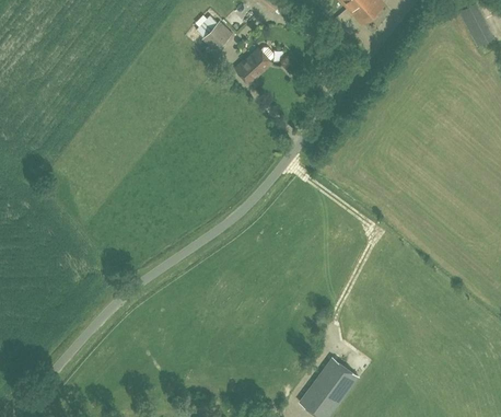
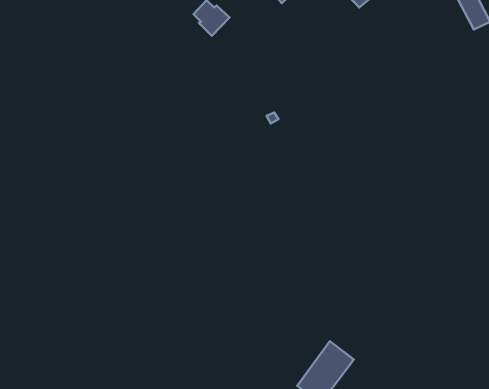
building: [234,47,273,84] -> none

